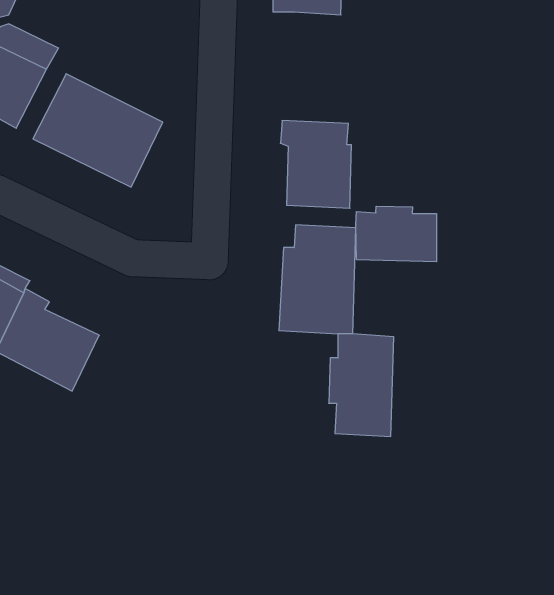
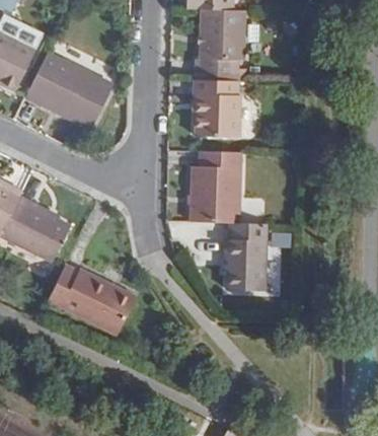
building: none -> [193,10,244,85]
building: [356,206,436,262] -> none
building: none -> [50,262,138,331]

